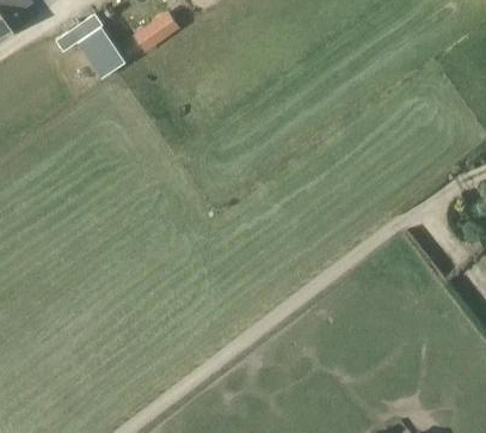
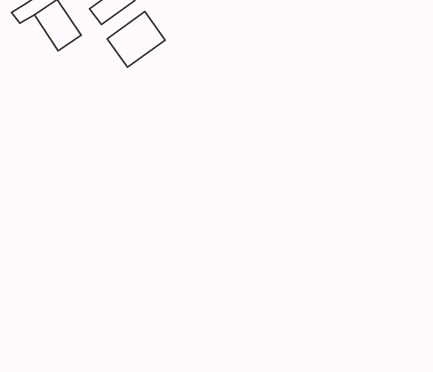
building: none -> [107,11,165,67]

